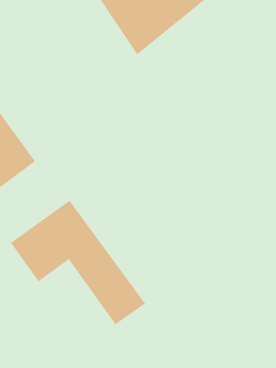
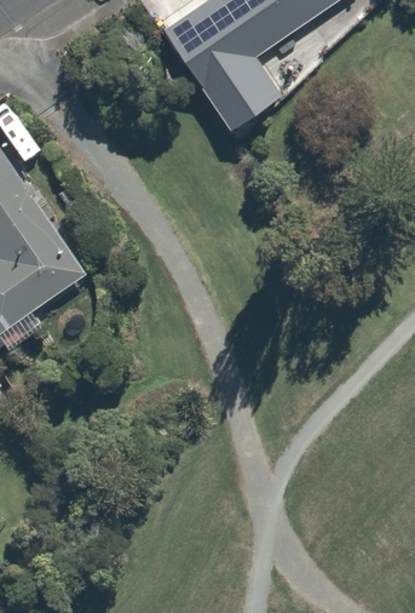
building: [10,200,146,325] -> none

